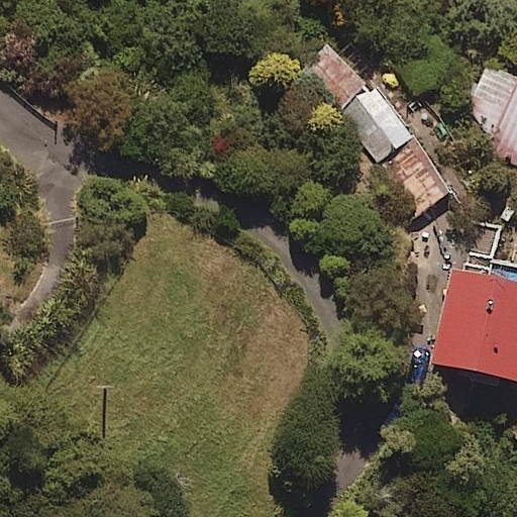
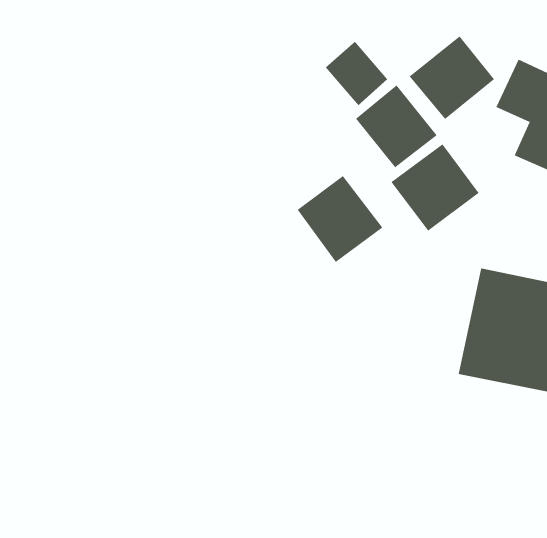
building: none -> [409,35,495,120]
building: none -> [297,175,383,263]

